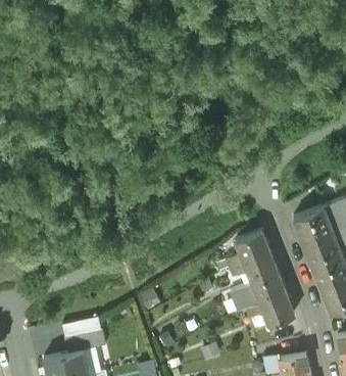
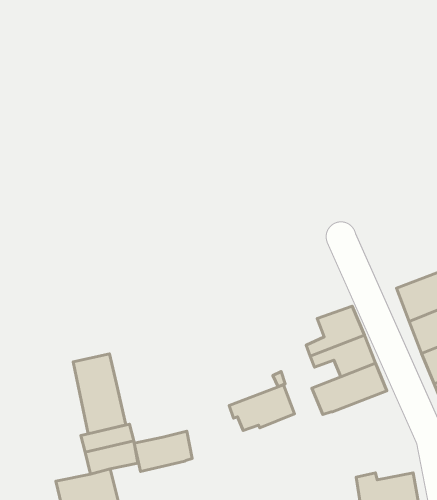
building: none -> [73,354,126,434]
building: [247,292,295,326] -> [229,385,295,431]
building: none -> [134,431,192,472]

